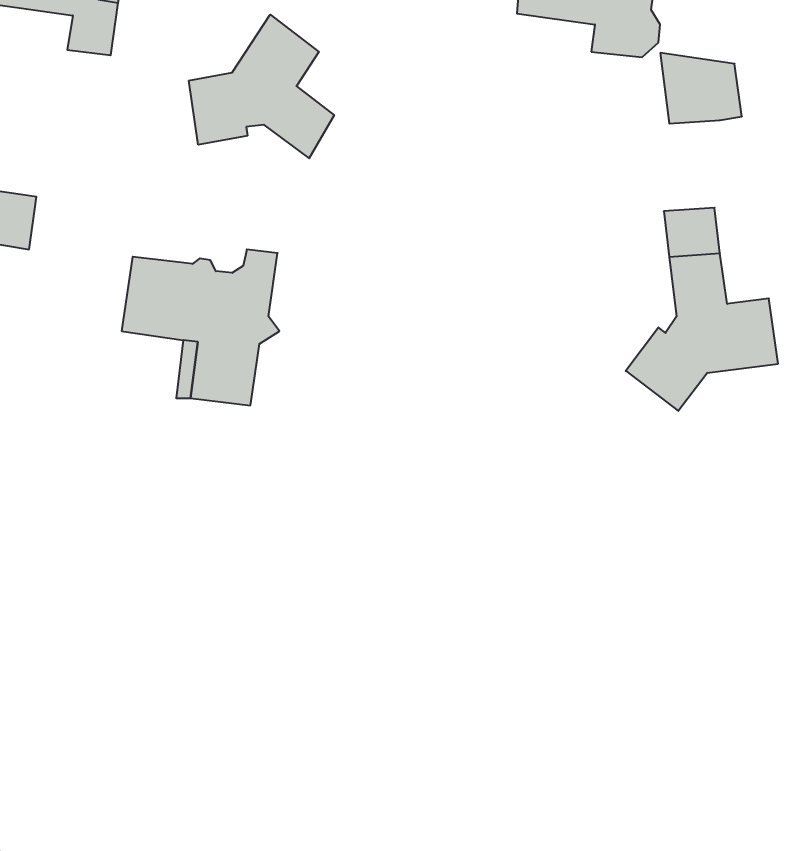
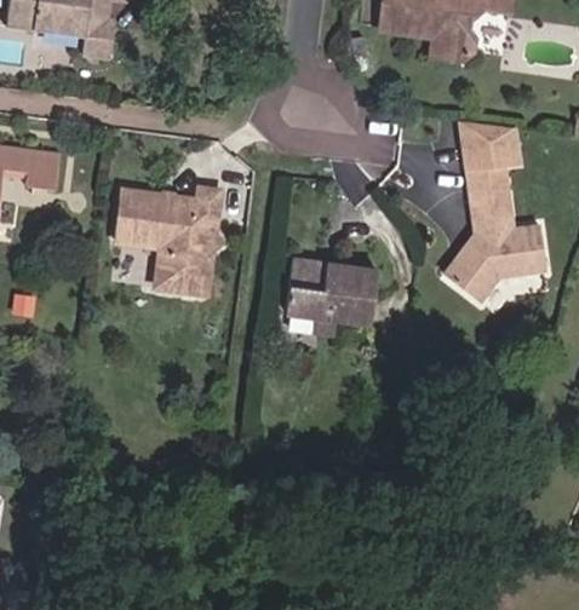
building: [189,15,334,158] -> none
building: [660,53,742,124] -> [470,116,524,163]
building: none -> [283,258,373,323]

